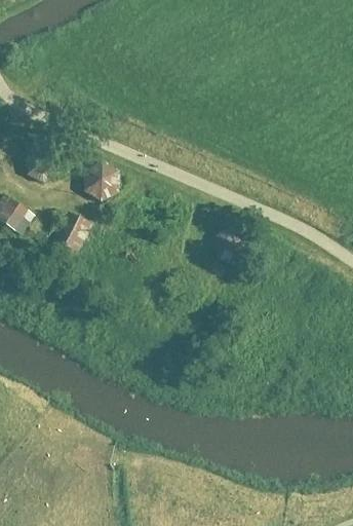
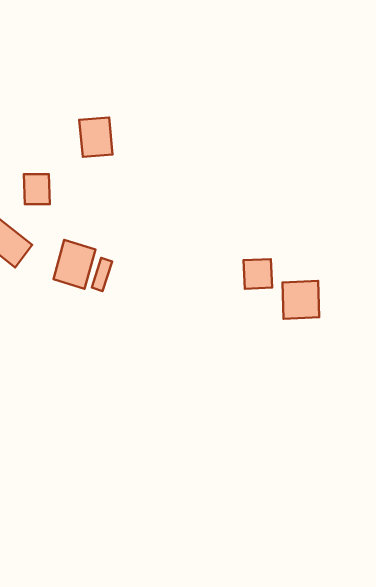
building: [87,165,116,199] -> [79,117,113,157]
building: none -> [283,281,319,319]

